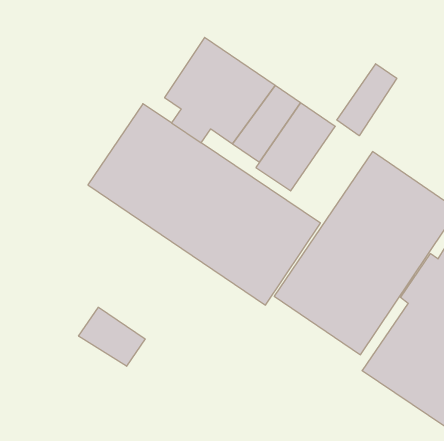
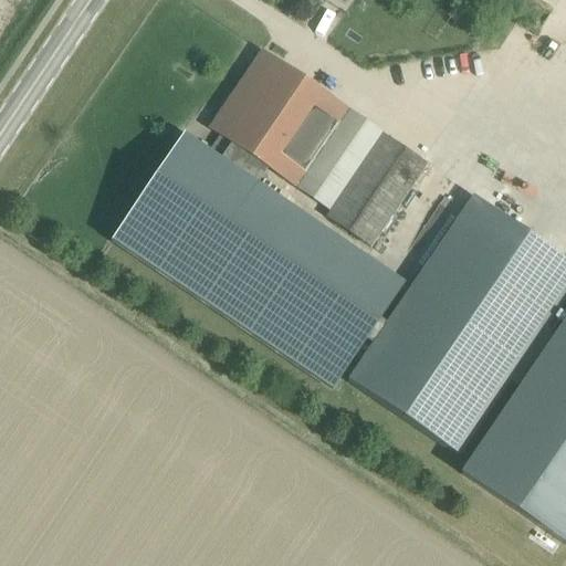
building: [337,64,397,136] -> none
building: [79,307,145,366] -> none

